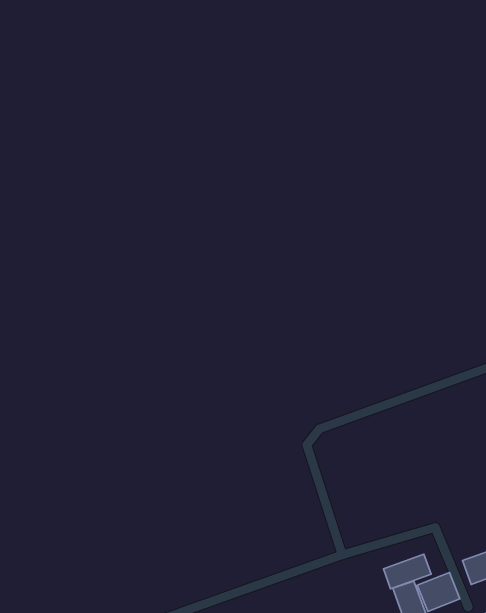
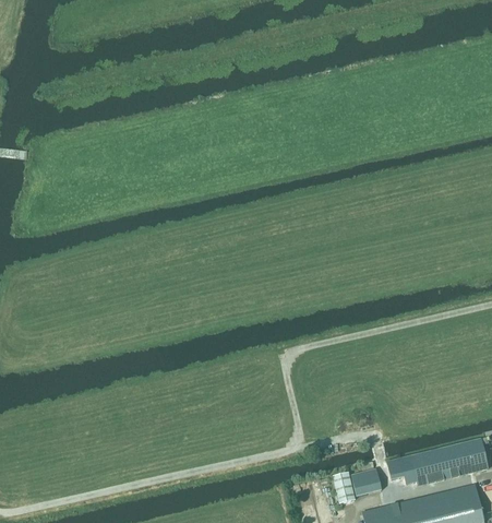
building: [383,554,431,589] -> none

